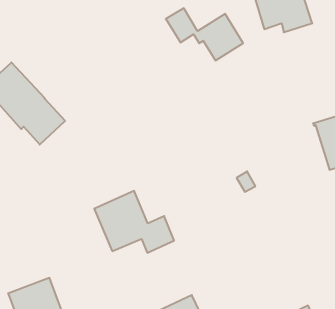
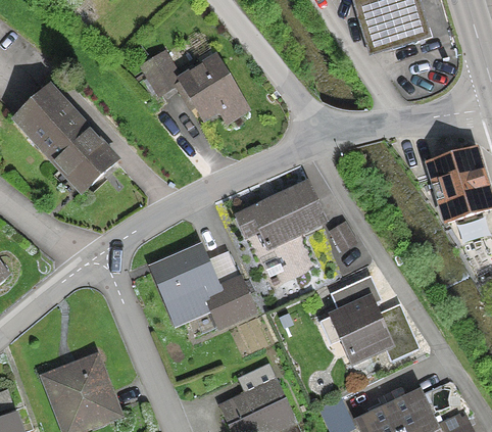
building: [166,8,243,60] -> [141,51,238,116]
building: none -> [249,182,326,246]
building: none -> [331,280,389,361]

